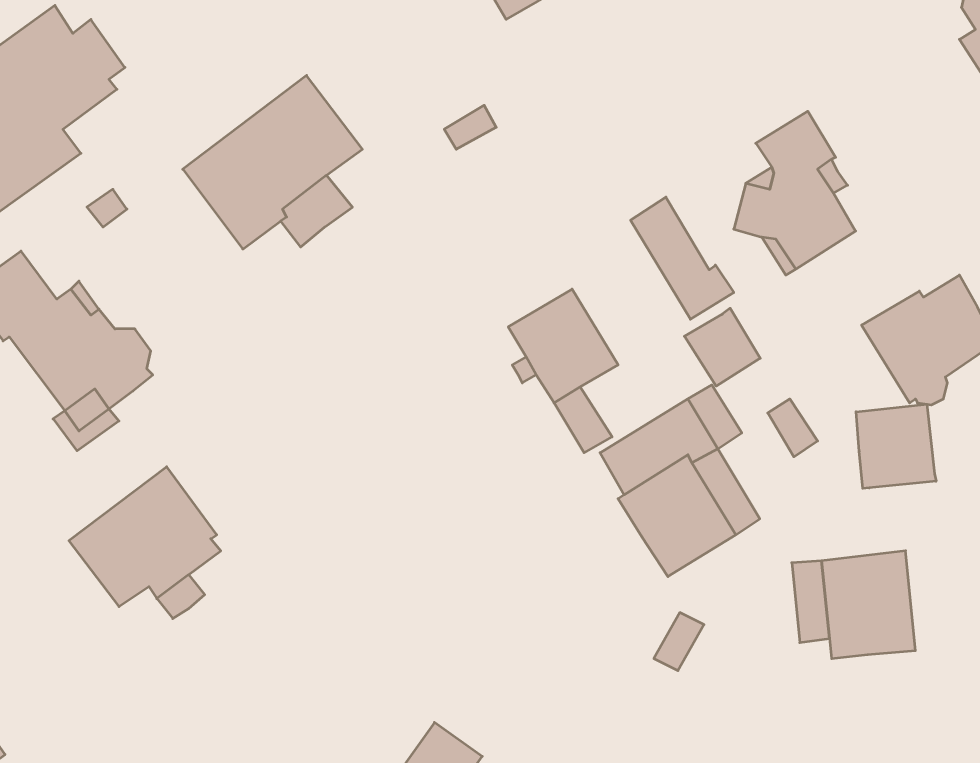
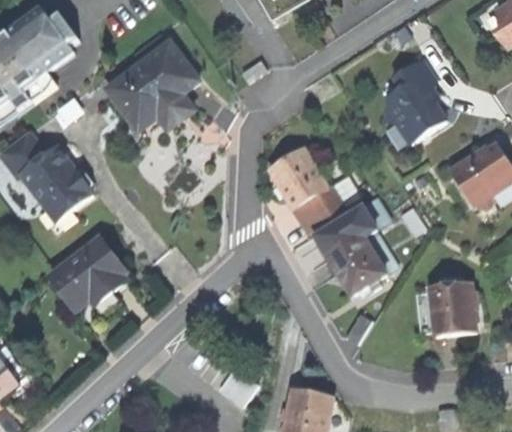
building: [631,197,734,319] -> none
building: [684,308,760,386] -> [306,184,344,223]
building: [856,404,936,488] -> none

